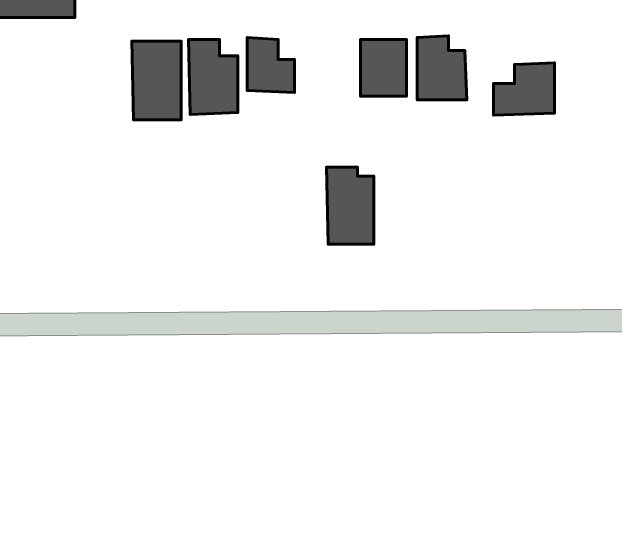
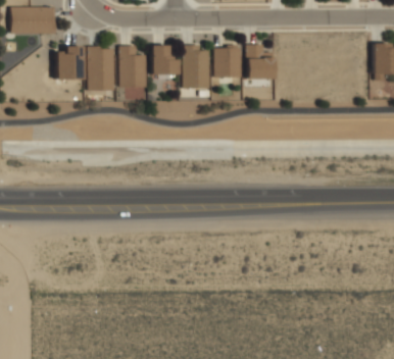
building: none -> [57,46,84,81]
building: [493,63,554,115] -> none
building: [326,167,374,244] -> [184,45,210,88]

